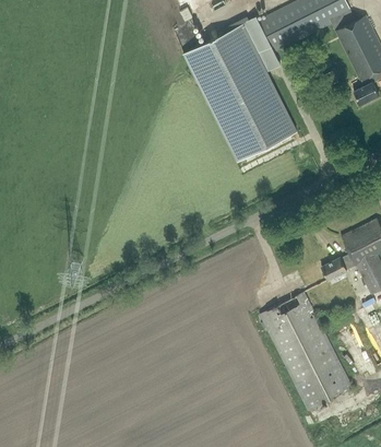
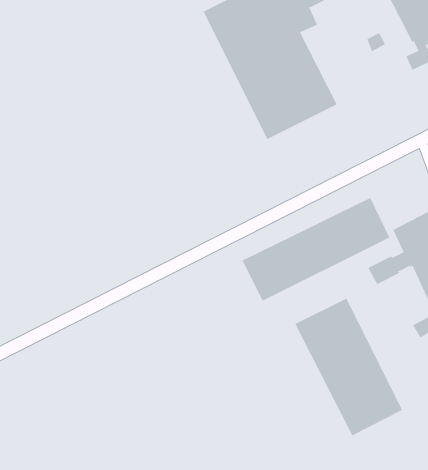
building: none -> [242,197,390,301]

